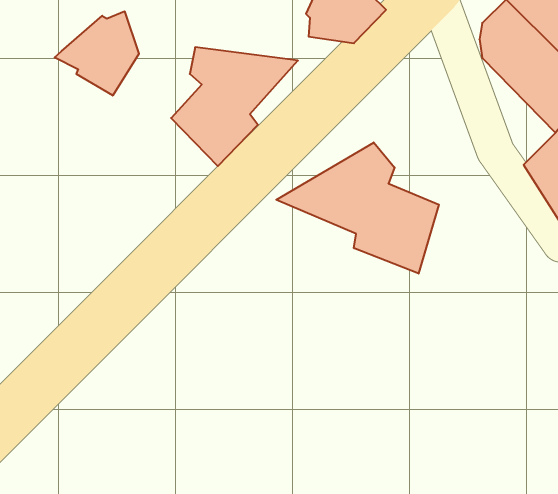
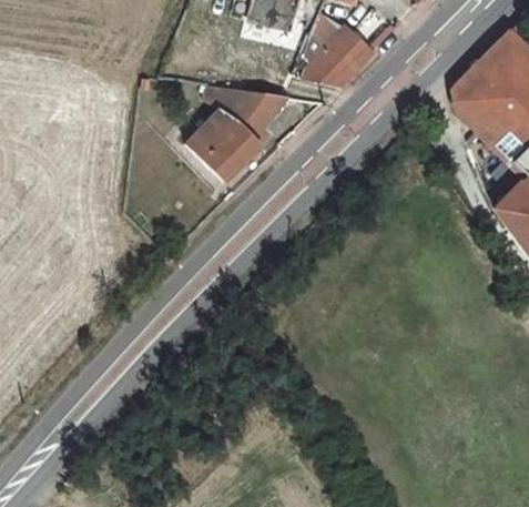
building: [55,11,139,96] -> none
building: [276,142,439,274] -> none

